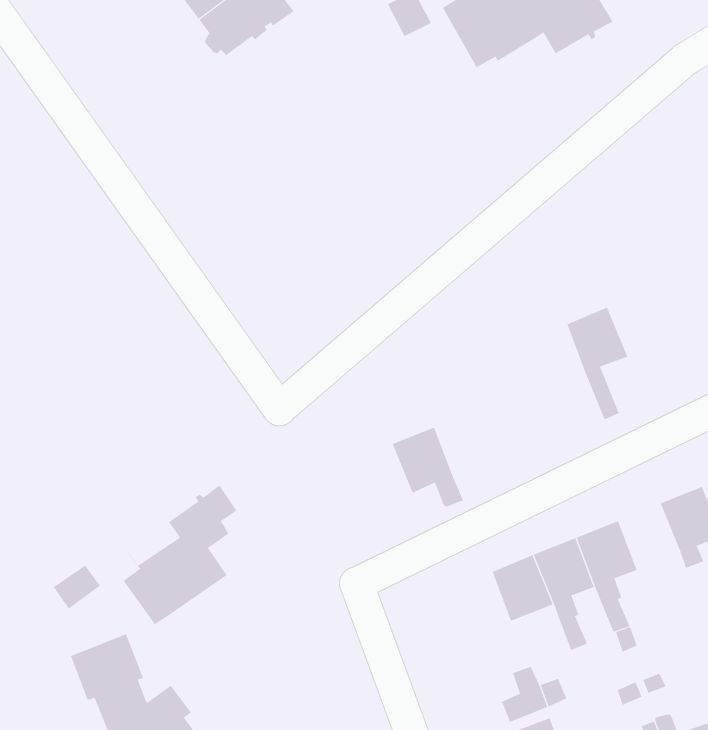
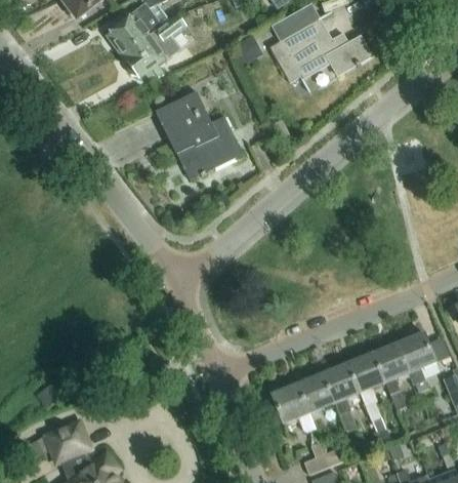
building: none -> [159,90,243,179]
building: [566,307,628,420] -> [374,343,411,410]
building: [392,427,464,507] -> [273,384,316,432]
building: [123,485,249,625] -> none

